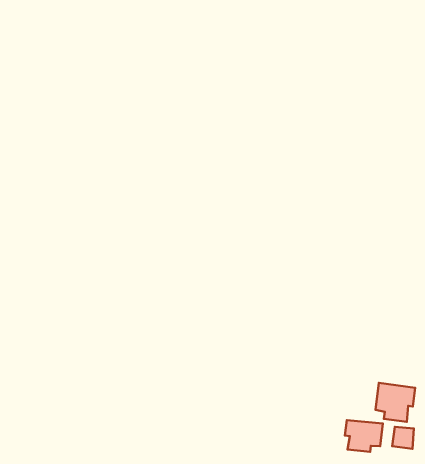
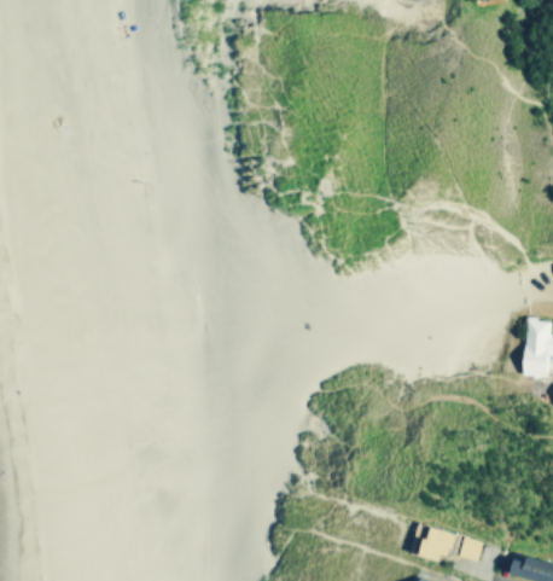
building: [375,383,415,422] -> none

